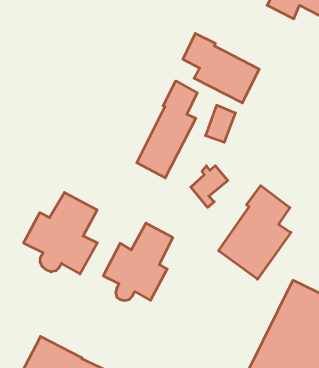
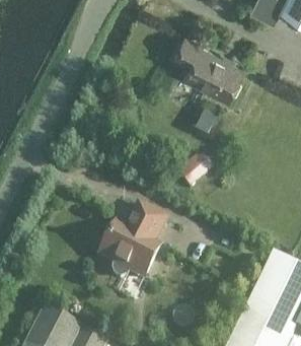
building: [137,81,197,178] -> none
building: [219,186,291,279] -> none
building: [24,192,97,274] -> none

